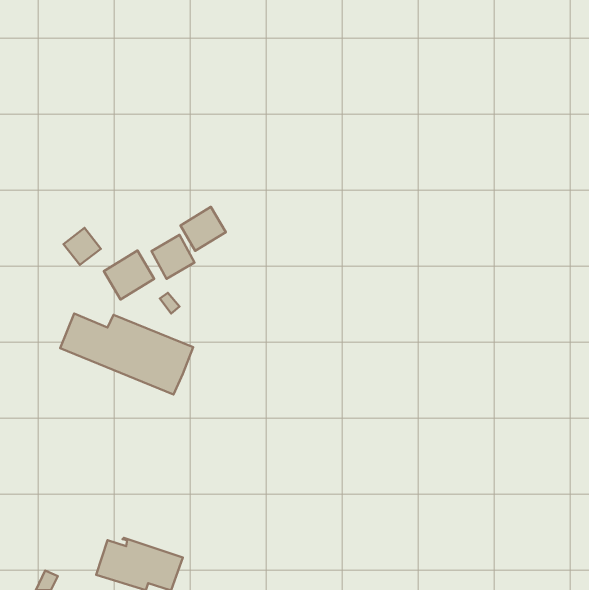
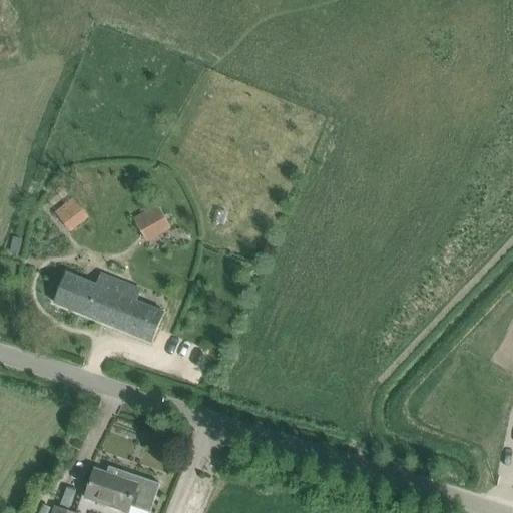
building: [180,207,226,251] -> none
building: [104,250,154,299] -> none

